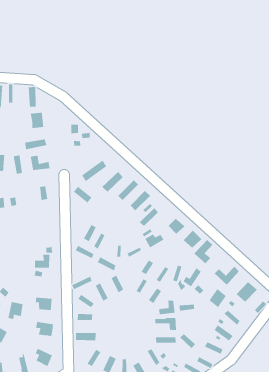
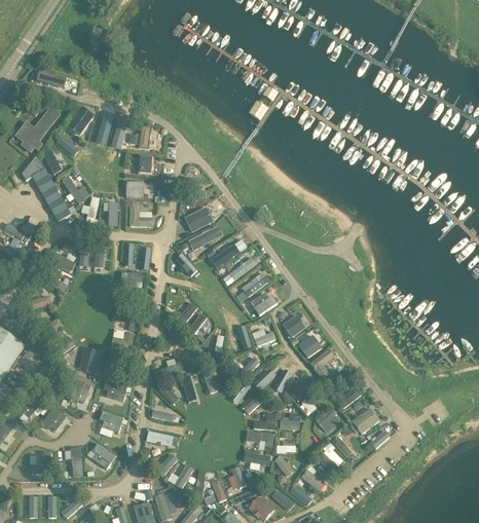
building: none -> [184,207,213,232]
building: none -> [78,345,99,372]

